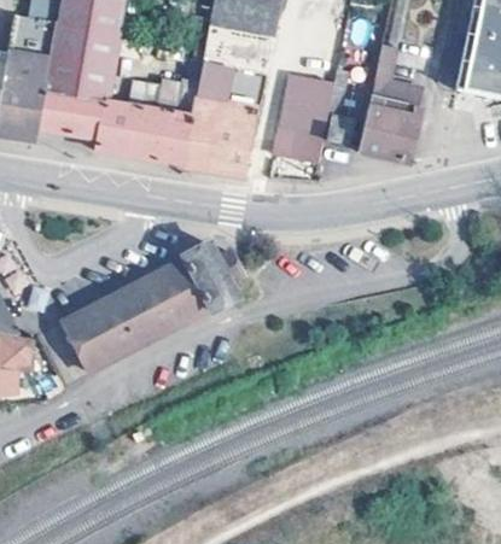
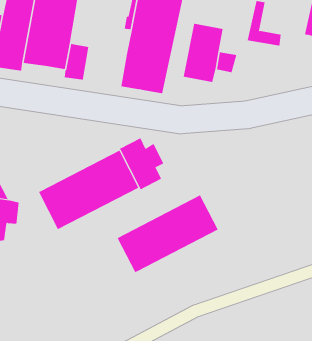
building: [127,78,191,163] -> none
building: [359,95,424,160] -> none
building: none -> [117,195,218,273]

